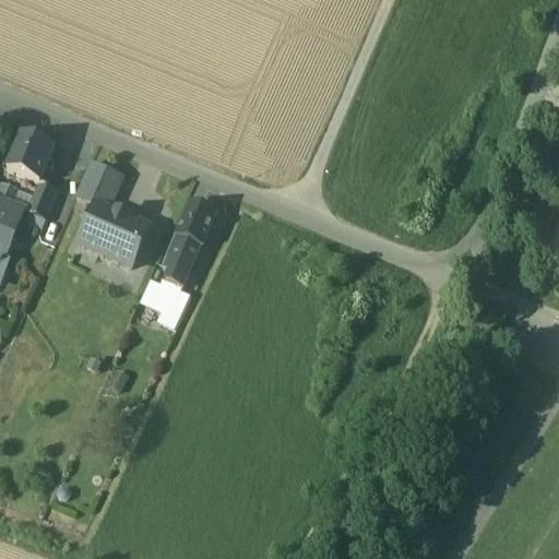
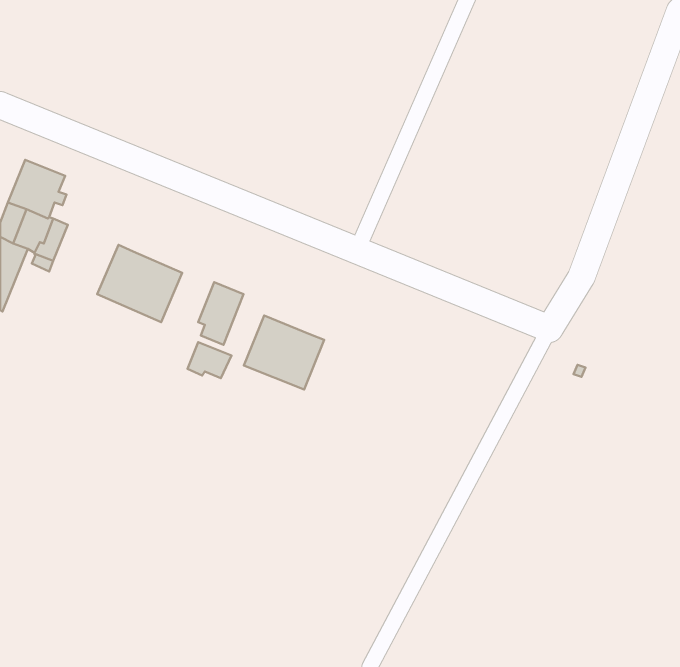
building: [78,159,123,206] -> none
building: [176,199,215,242] -> none
building: none -> [244,316,324,389]

